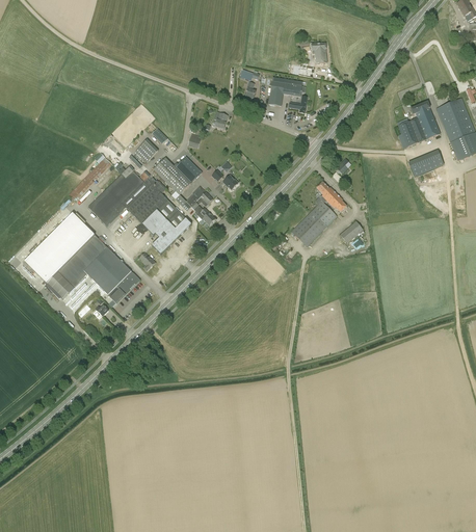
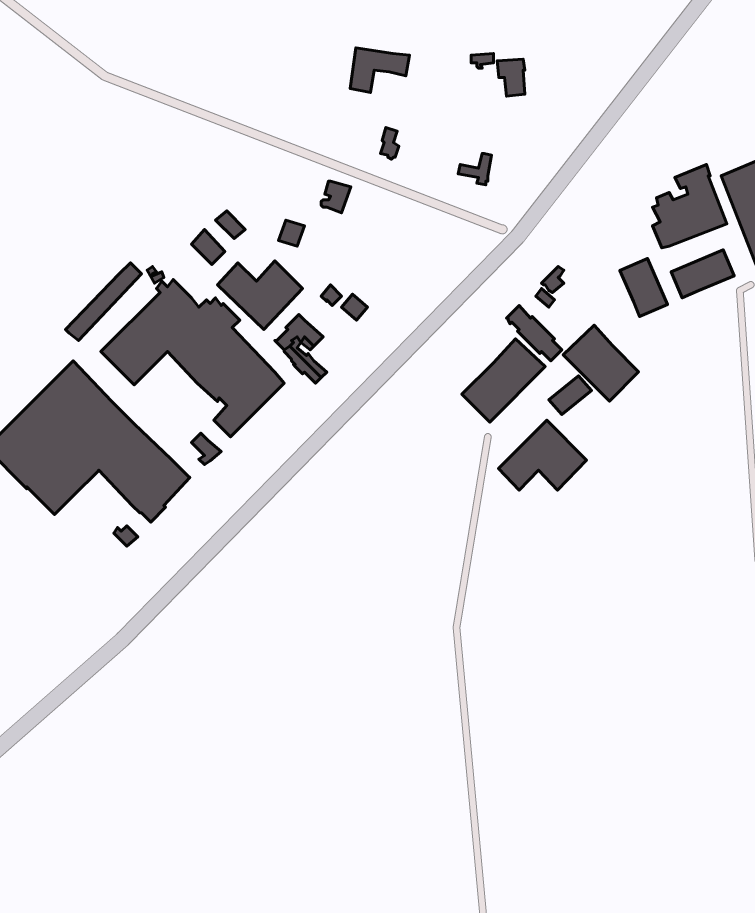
building: [269,81,302,106] -> [350,48,409,92]
building: none -> [620,258,667,316]
building: none -> [563,325,639,401]
building: none -> [498,420,586,490]

